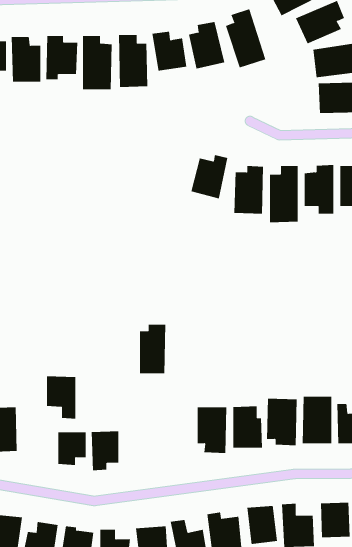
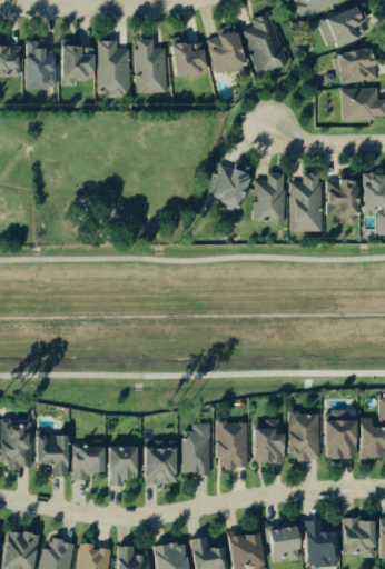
building: [139,324,166,374] -> [182,423,210,475]
building: [46,376,76,419] -> [36,433,67,478]
building: none -> [142,440,176,485]

